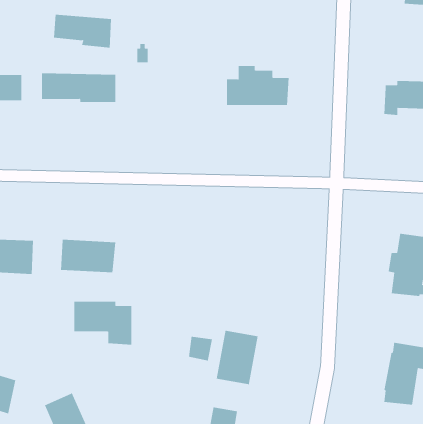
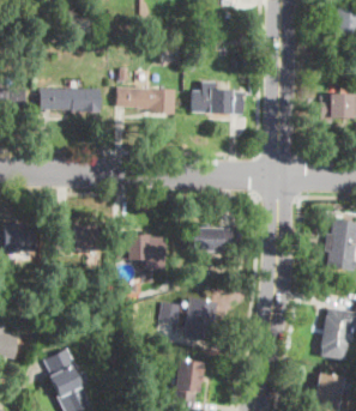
building: [53,14,112,48] -> [127,86,175,114]
building: none -> [194,228,234,250]
building: [74,301,132,345] -> [116,234,164,270]

